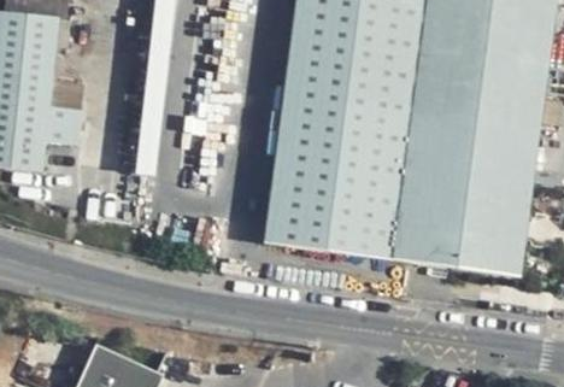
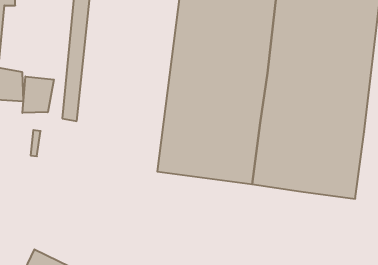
building: none -> [22,76,54,113]

